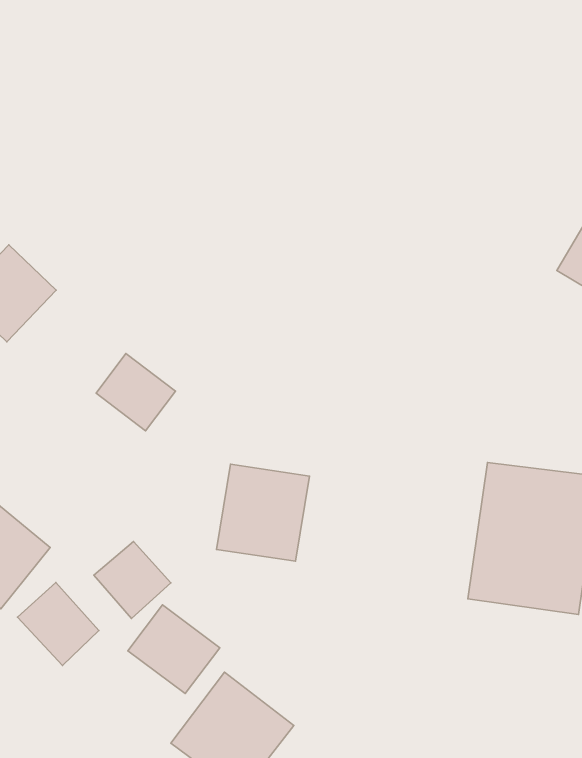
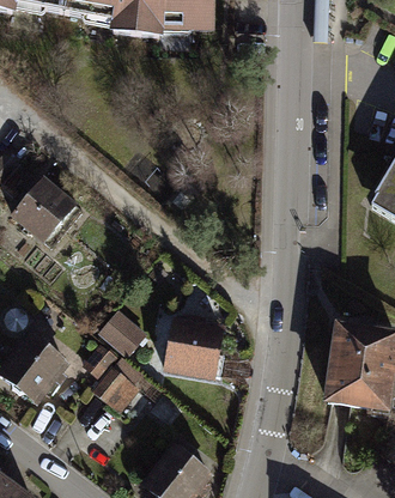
building: [96,354,175,431] -> [102,309,150,356]
building: [18,582,99,665] -> none
building: [128,605,220,694] -> none

